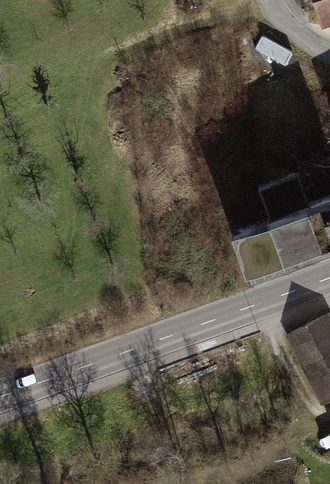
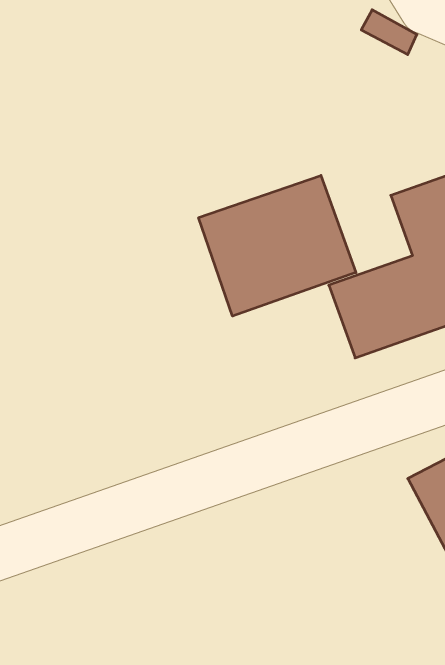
building: none -> [199,175,356,316]

